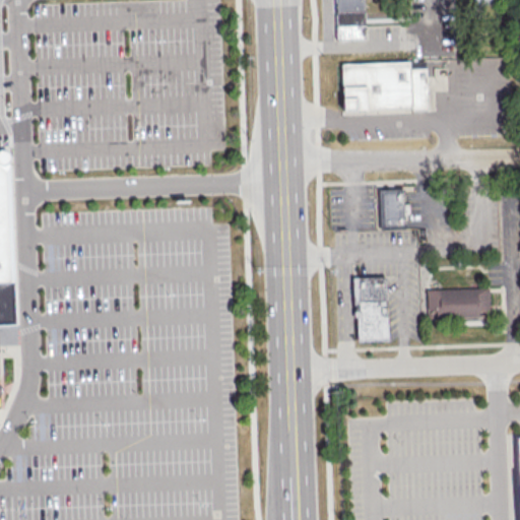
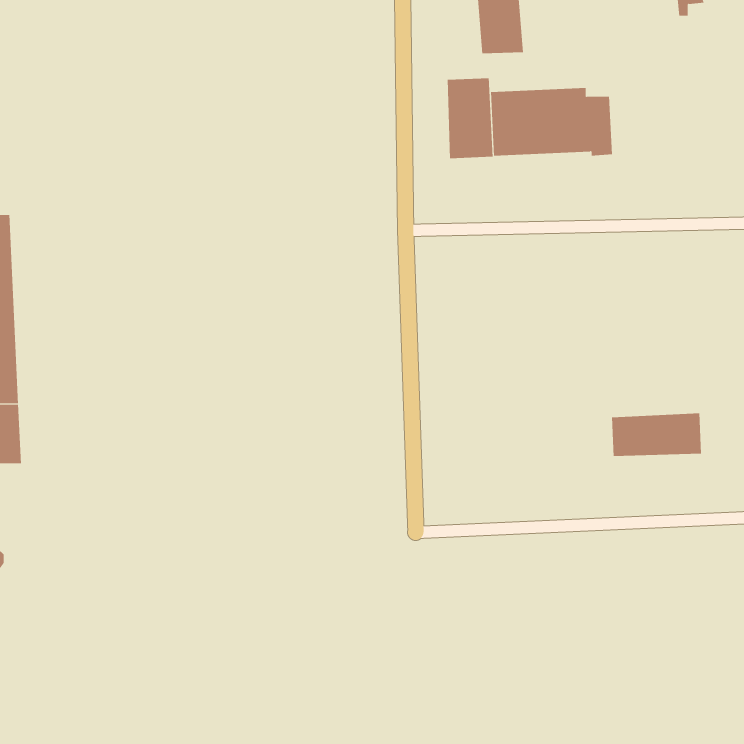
building: none -> [447,77,493,159]
building: [376,187,404,230] -> none
building: [352,276,387,339] -> none

